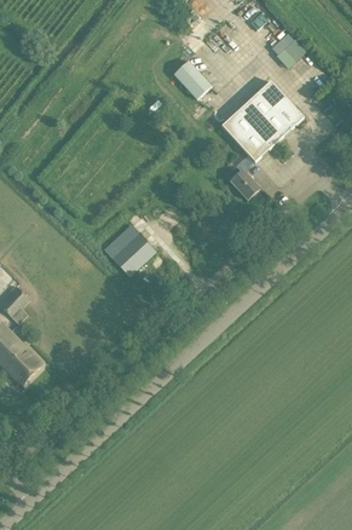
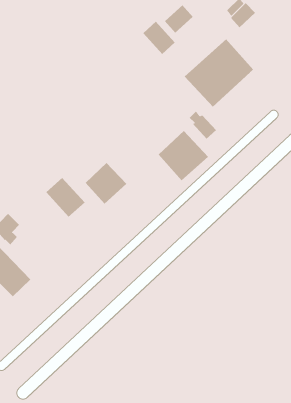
building: none -> [164,4,193,33]
building: none -> [158,130,209,181]
building: none -> [46,177,85,217]

